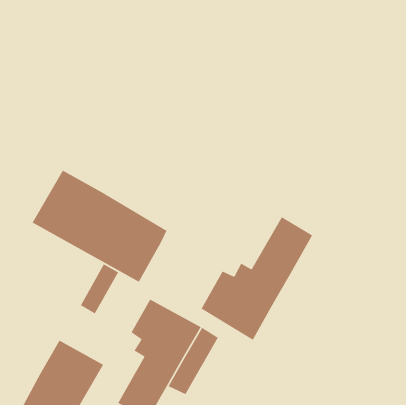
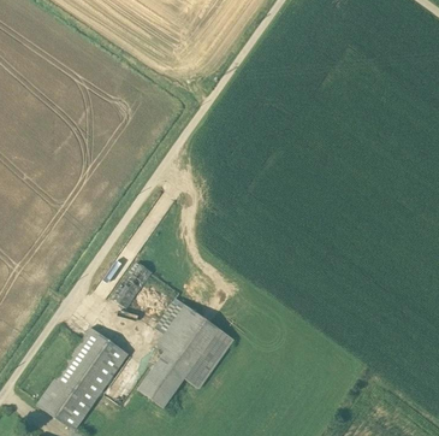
building: [31,169,167,283] -> none
building: [200,216,313,341] -> none

